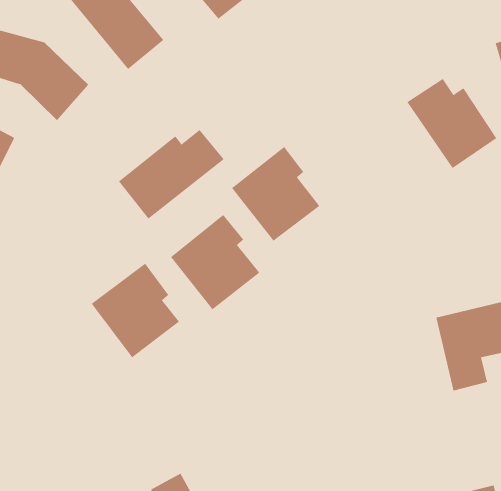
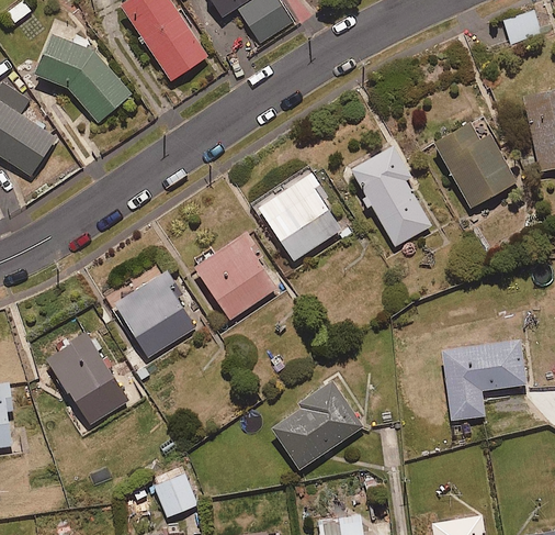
building: none -> [350,142,432,246]
building: [118,129,225,219] -> none
building: none -> [44,333,128,428]
building: none -> [270,379,364,471]

